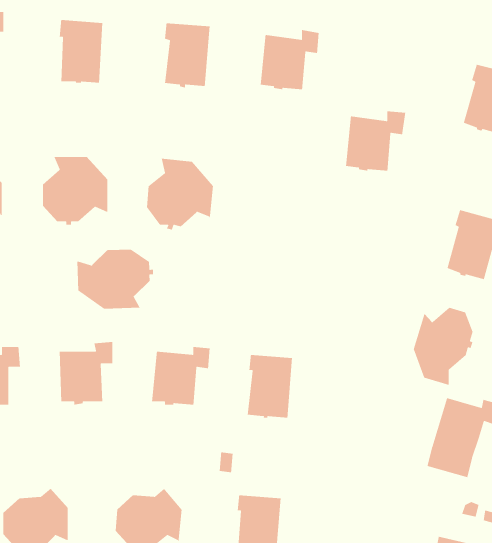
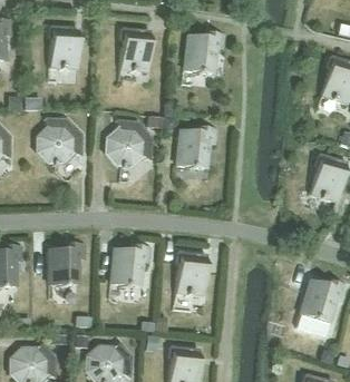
building: [345,110,406,171] -> [176,127,217,168]
building: [77,249,154,309] -> none
building: [413,307,474,386] -> none

